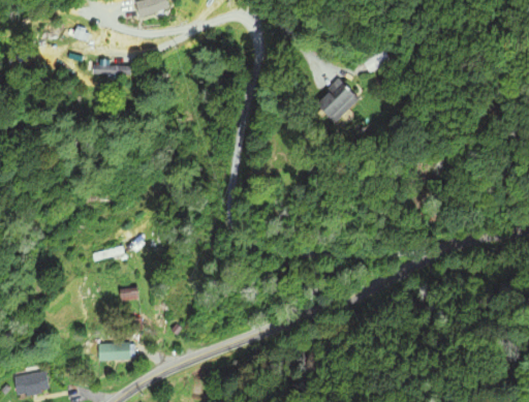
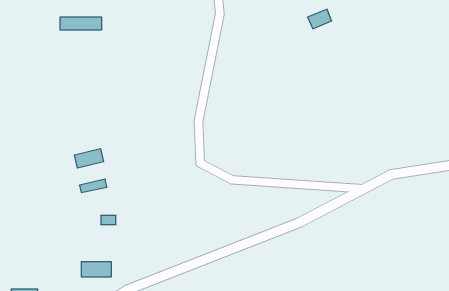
building: [313,85,356,121] -> none
building: none -> [74,149,104,168]

